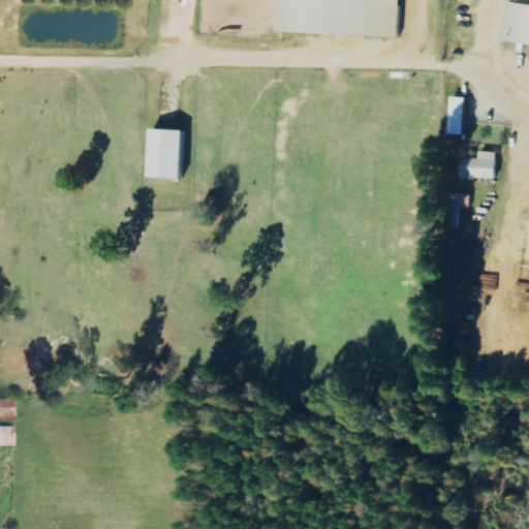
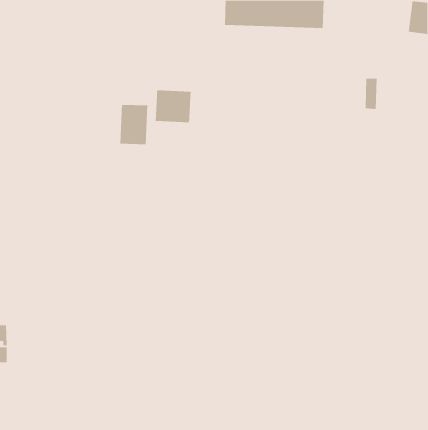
building: none -> [155,90,191,123]
building: [459,151,495,178] -> none

